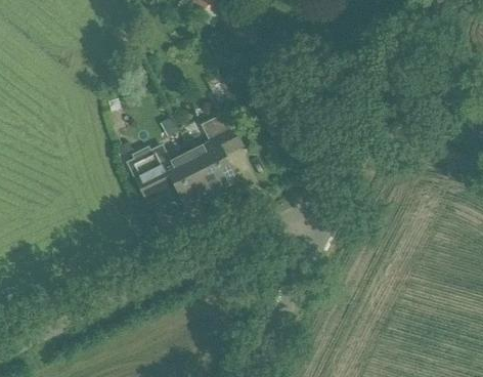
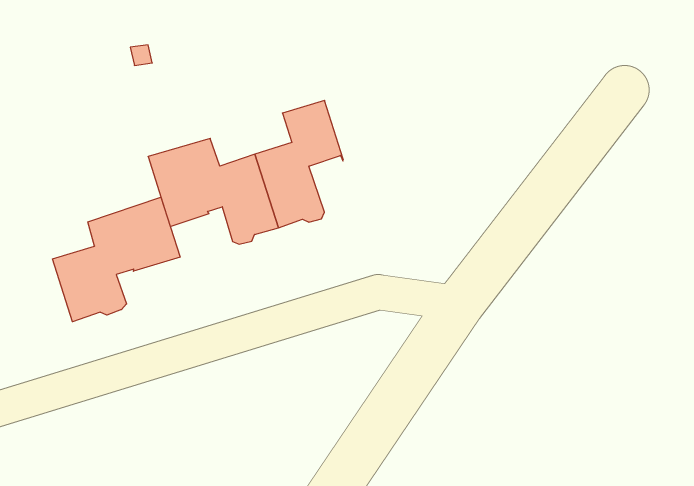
building: none -> [52,197,180,322]

